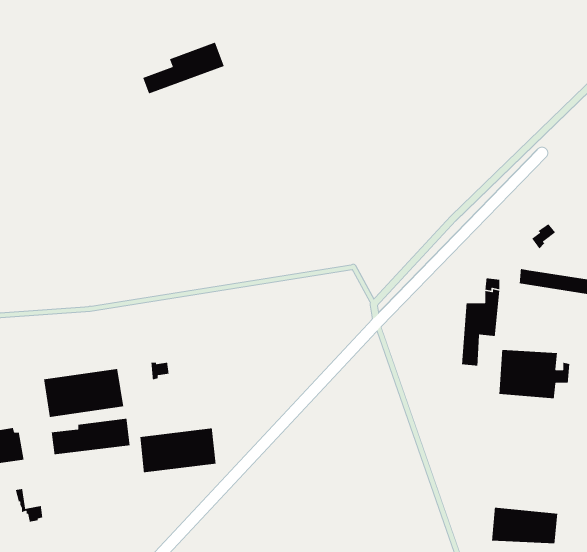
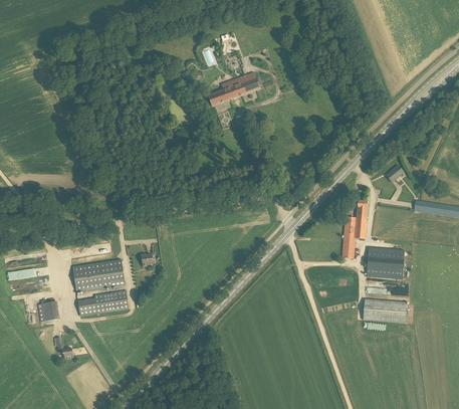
building: [142,42,225,95] -> [207,71,260,106]
building: [139,427,217,473] -> none
building: [491,507,558,544] -> [363,297,406,322]

